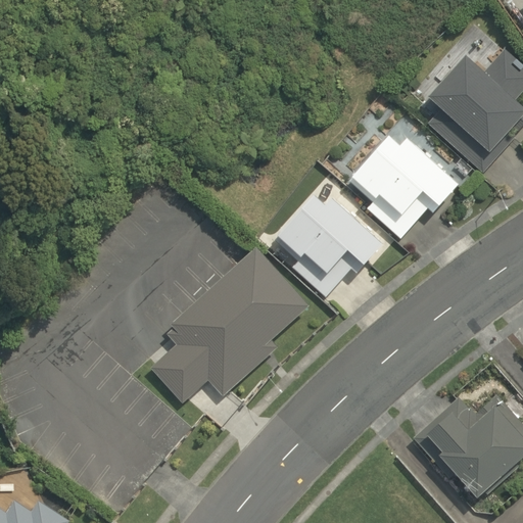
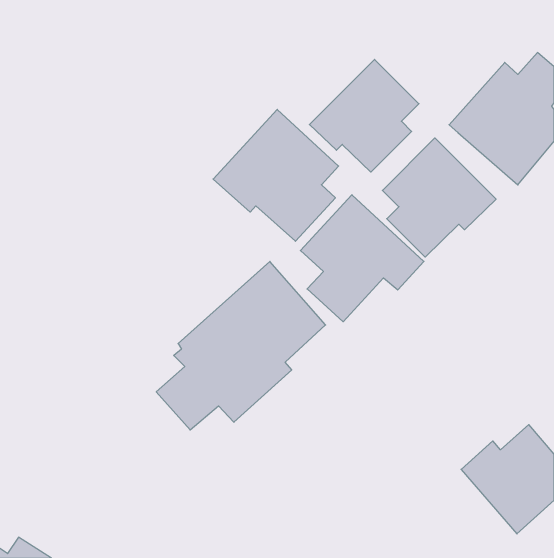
building: none -> [309,59,419,172]
building: none -> [213,109,339,241]

